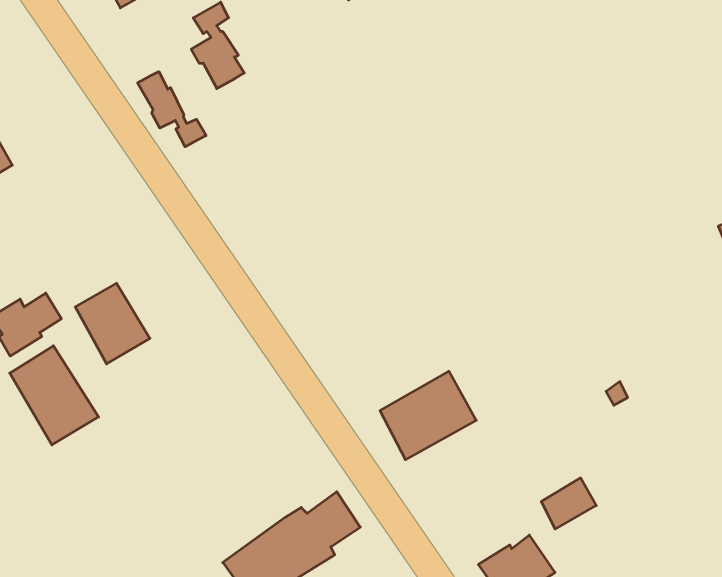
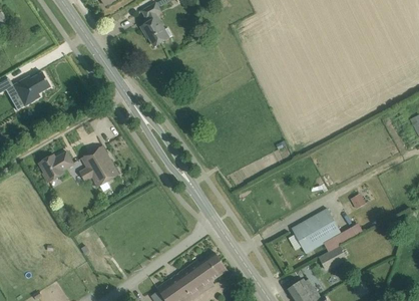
building: [138,72,206,147] -> none
building: [10,346,99,445] -> none
building: [380,371,476,460] -> [292,208,341,253]

